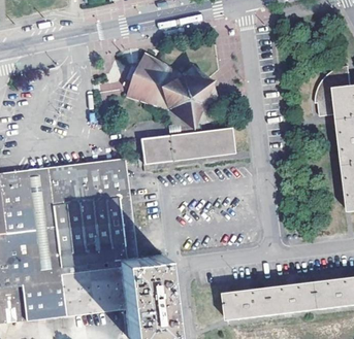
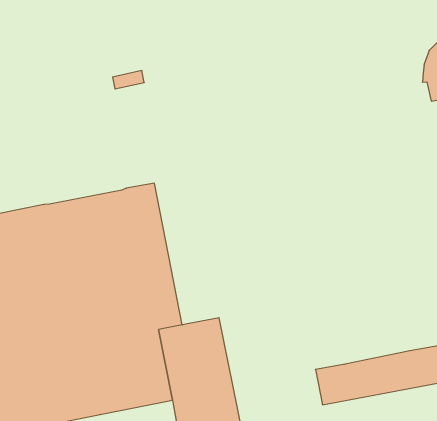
building: [129,55,234,163] -> none

